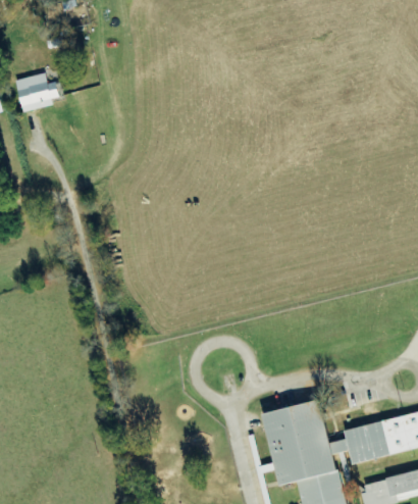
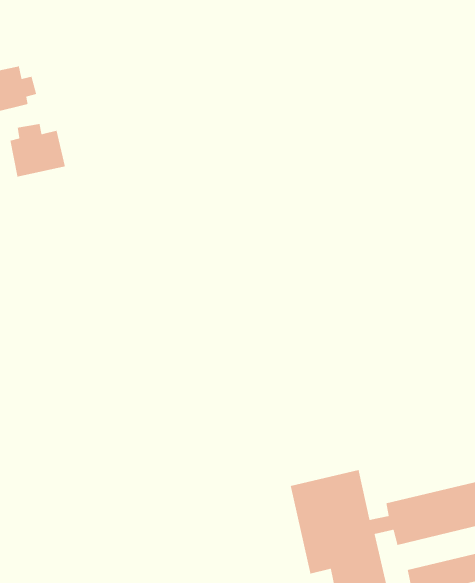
building: none -> [10,123,66,178]

